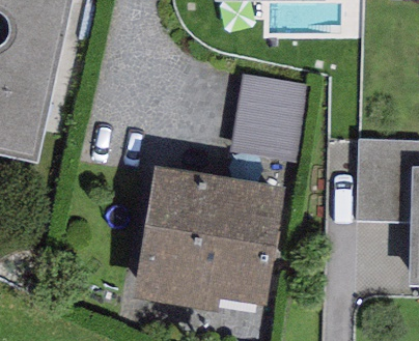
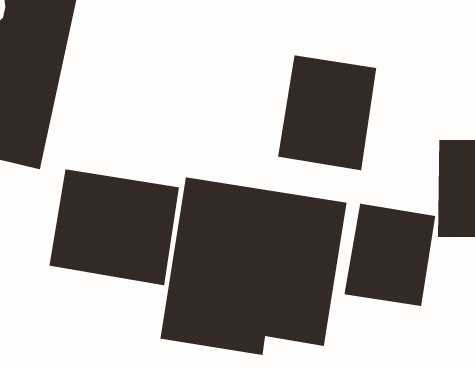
building: none -> [49,169,180,286]
building: none -> [344,203,436,307]

